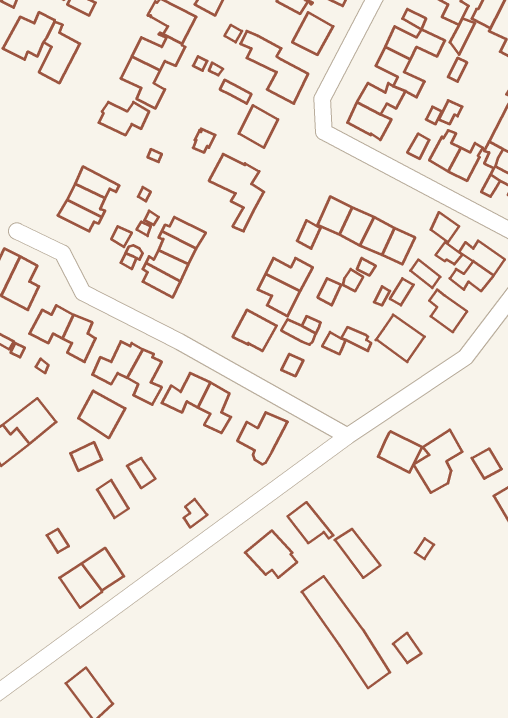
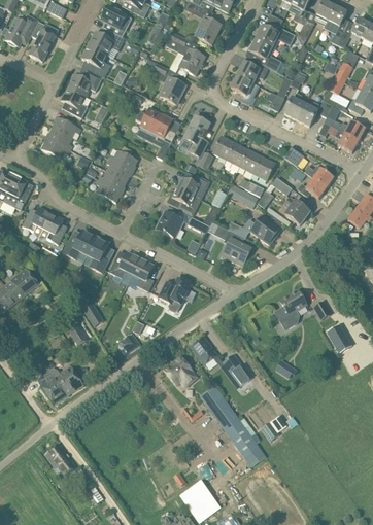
building: none -> [61,87,88,118]
building: none -> [183,115,209,155]
building: [78,391,125,438] -> none
building: [378,431,422,472] -> [223,238,251,265]

